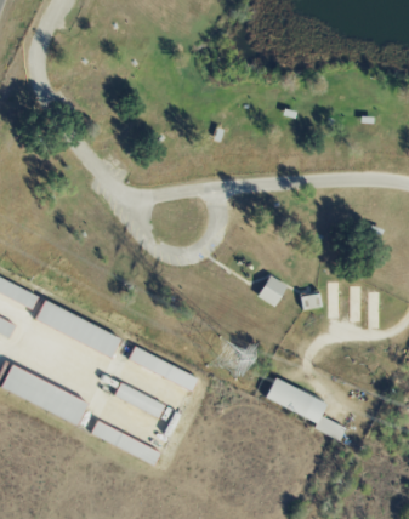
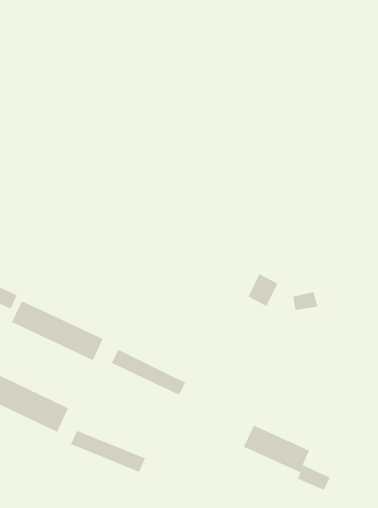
building: [263,377,346,439] -> [243,425,330,490]

